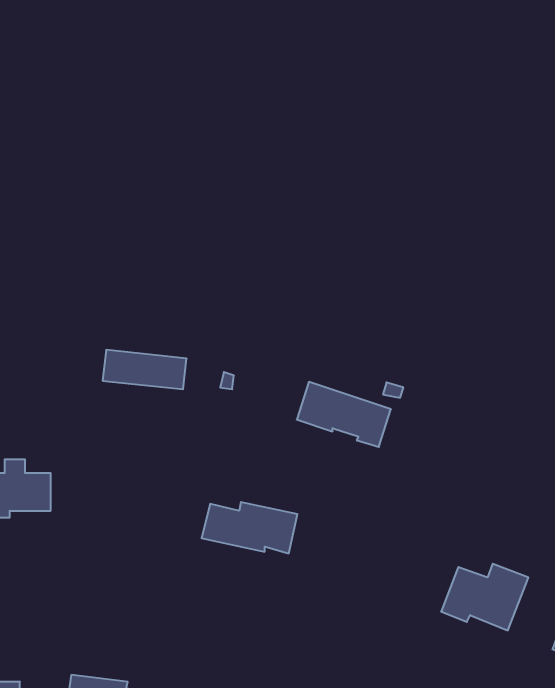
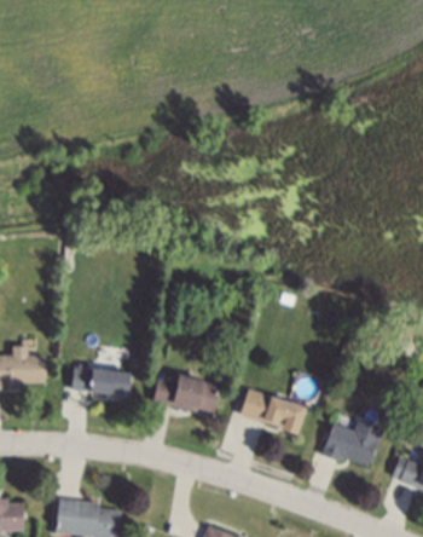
building: [103,350,187,389] -> [71,368,131,395]
building: [297,382,391,447] -> [239,388,306,434]

